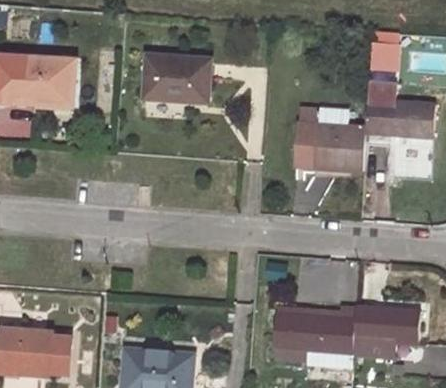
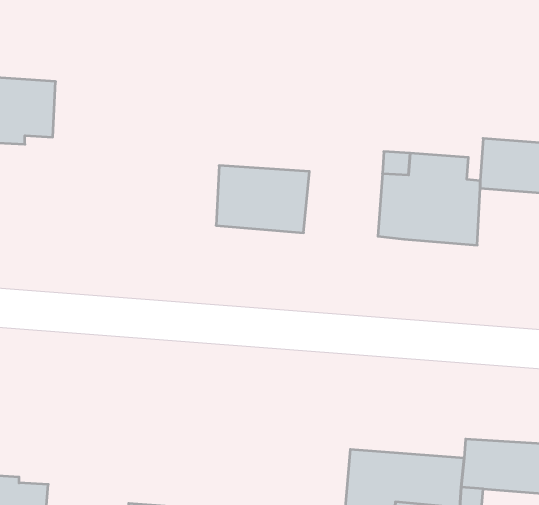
building: [370,33,399,72] -> none
building: [145,55,209,101] -> [216,166,309,233]

